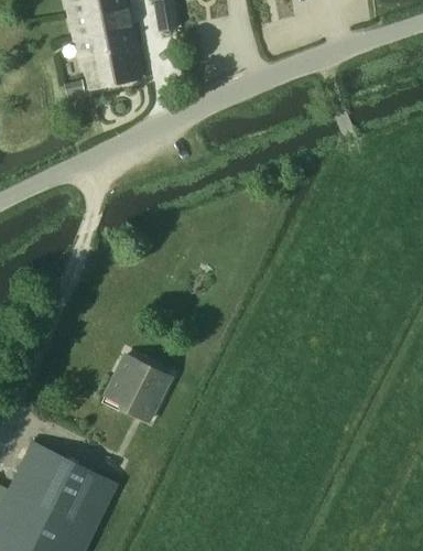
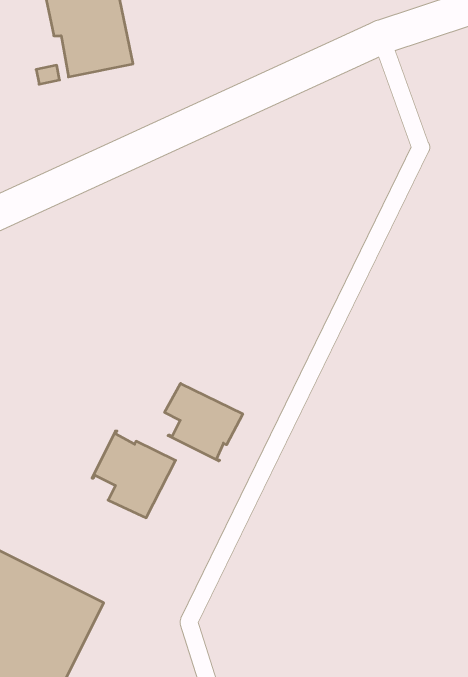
building: none -> [165,383,243,461]

